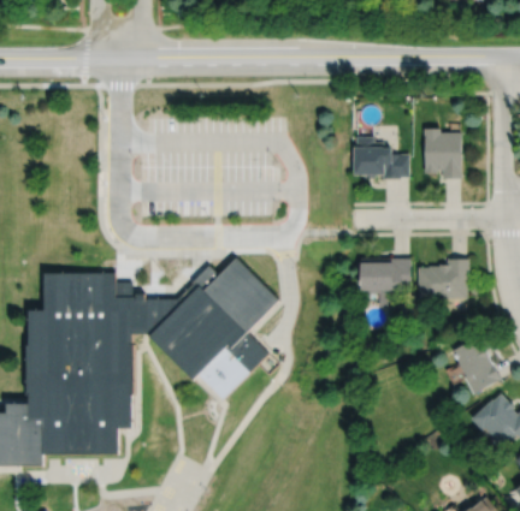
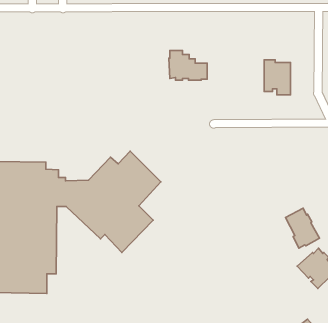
building: [355,136,409,178] -> [169,50,207,80]
building: [361,259,412,308] -> none
building: [419,259,471,299] -> none

